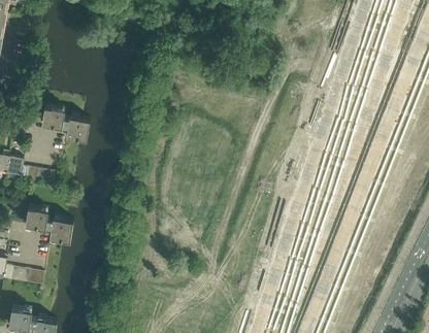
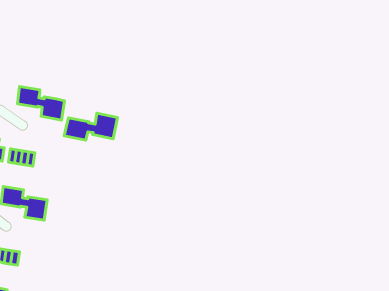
building: none -> [64,113,118,140]

